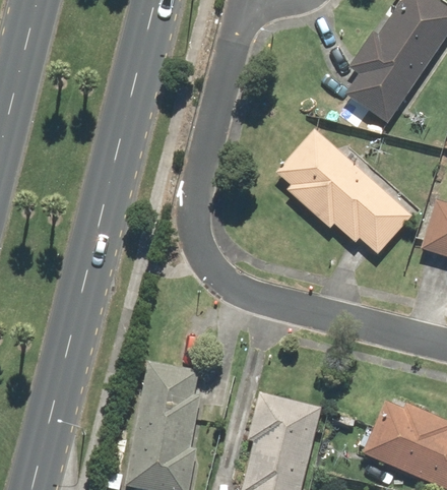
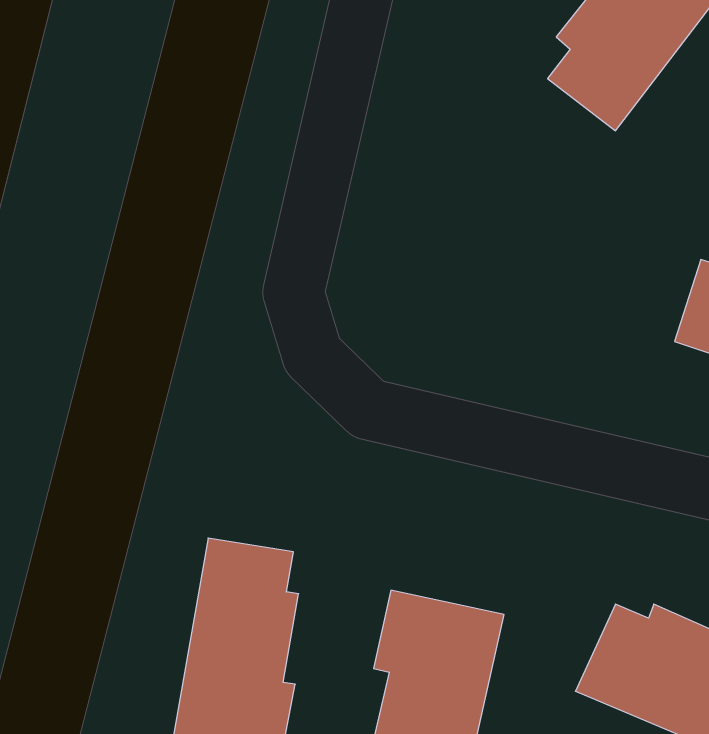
building: [276,129,411,257] -> none

